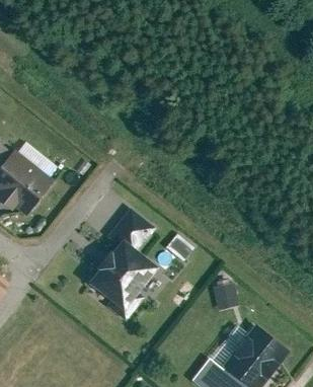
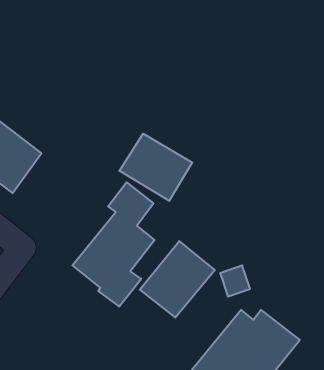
building: none -> [119,134,192,201]
building: none -> [140,241,215,318]

